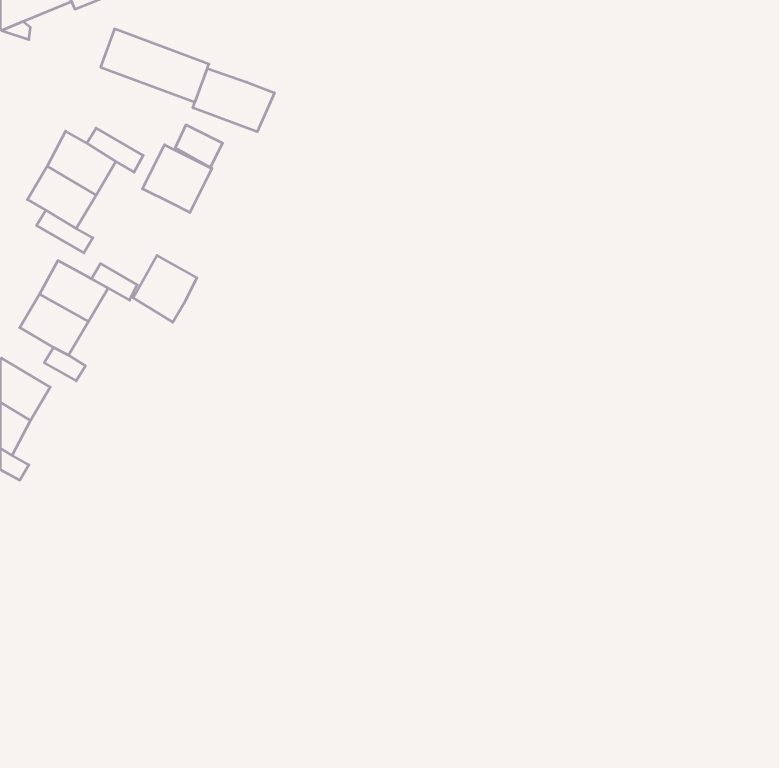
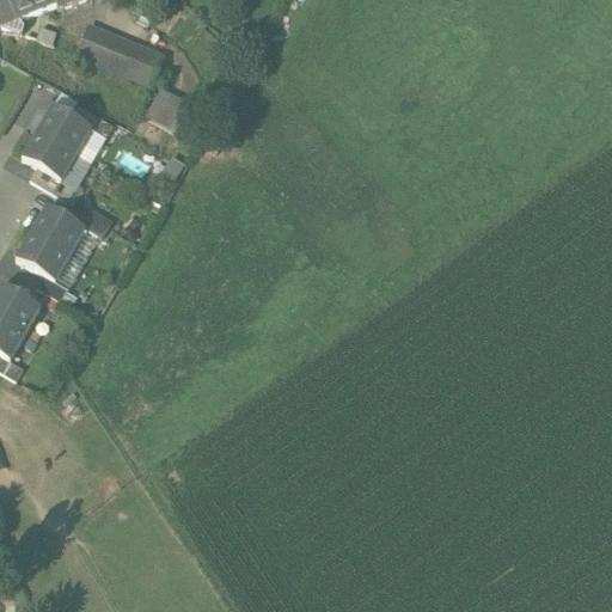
building: [193,69,274,132] -> none
building: [142,145,212,213] -> none
building: [133,255,197,322] -> none

